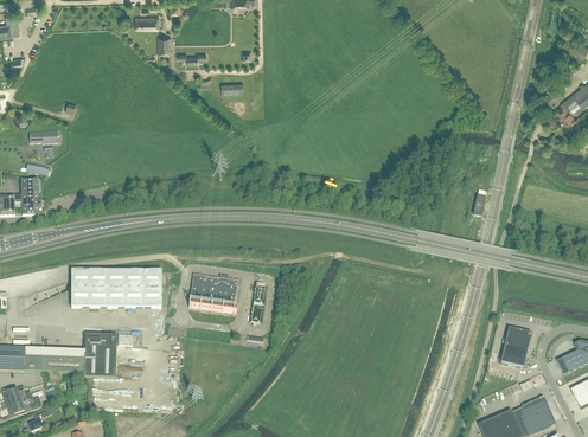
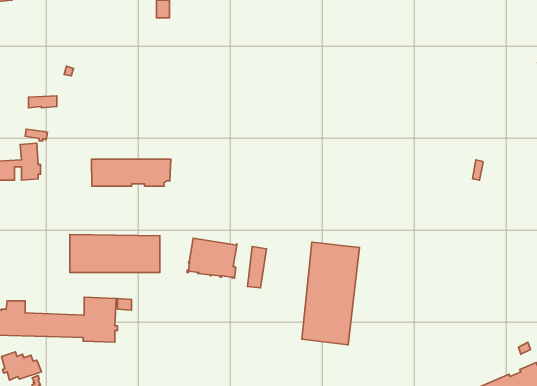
building: none -> [91,159,171,186]
building: none -> [302,242,359,345]
building: [500,327,531,366] -> none

